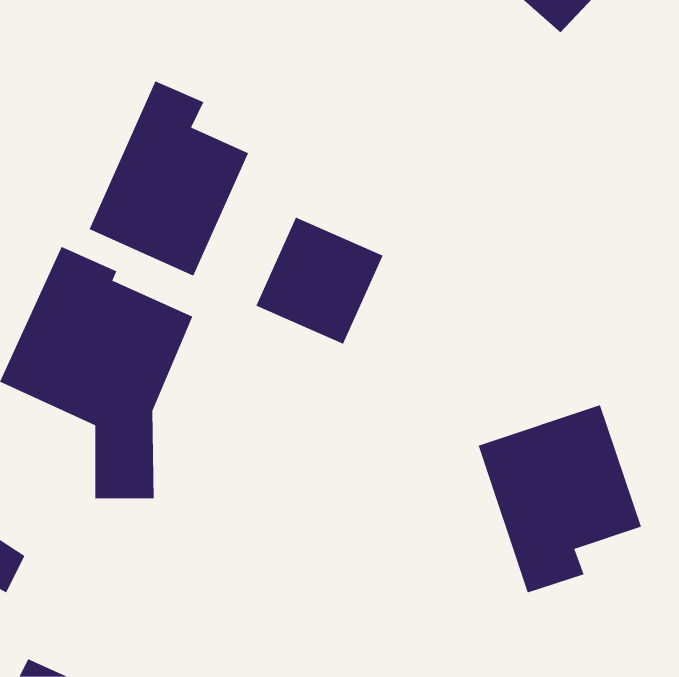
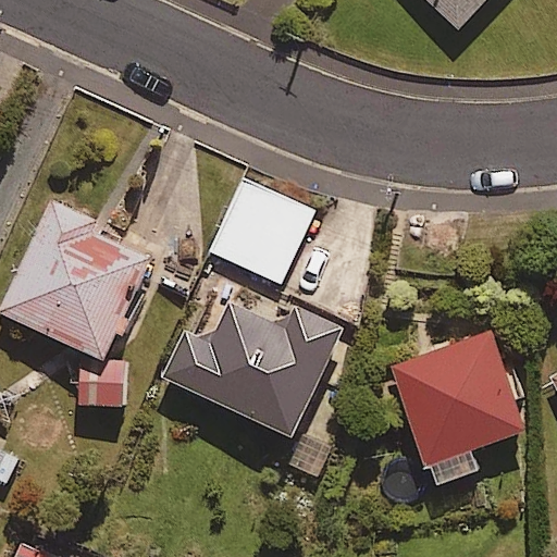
building: [89,81,249,276] -> none
building: none -> [161,297,343,437]

